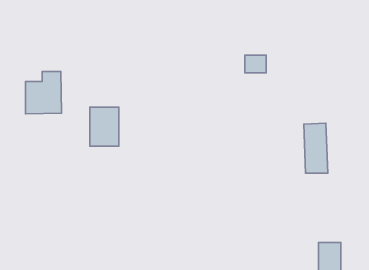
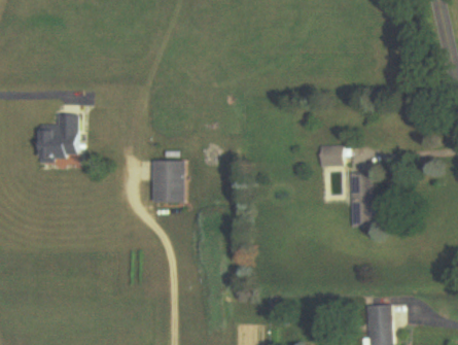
building: [245,55,266,73] -> [318,146,342,166]
building: [90,107,119,146] -> [153,160,185,203]

